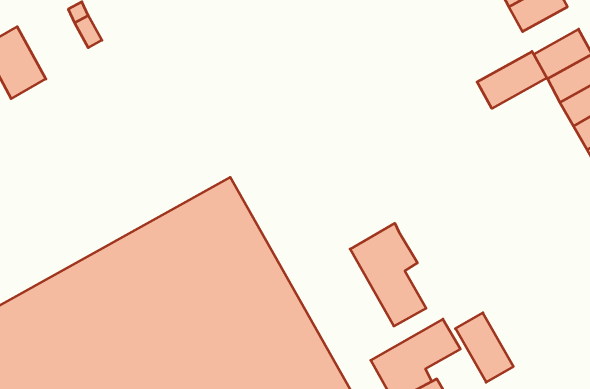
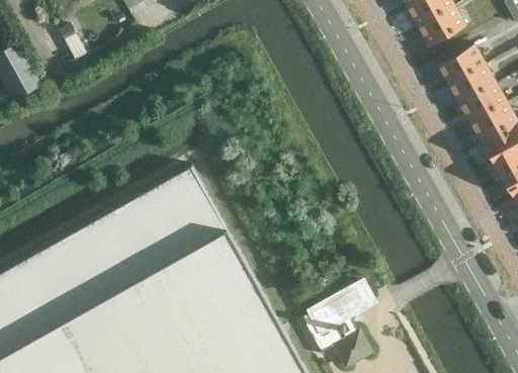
building: [477,51,547,108] -> none
building: [350,223,426,326] -> none
building: [455,313,513,382] -> none

